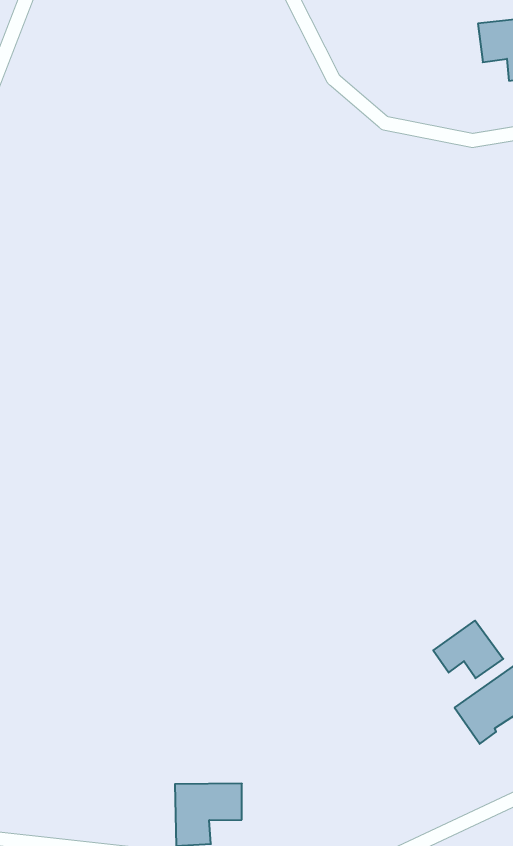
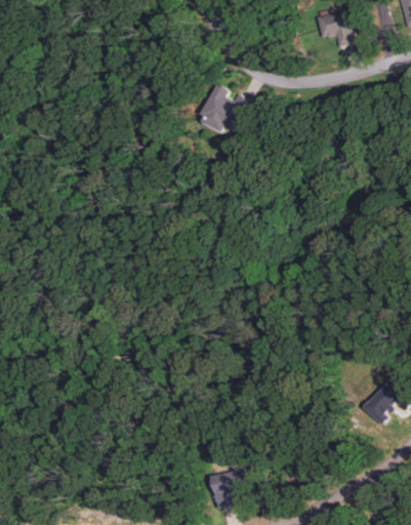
building: none -> [198,83,250,131]
building: [433,621,503,678] -> none

